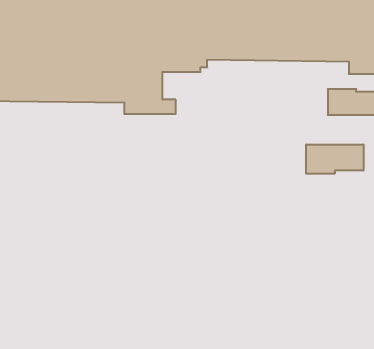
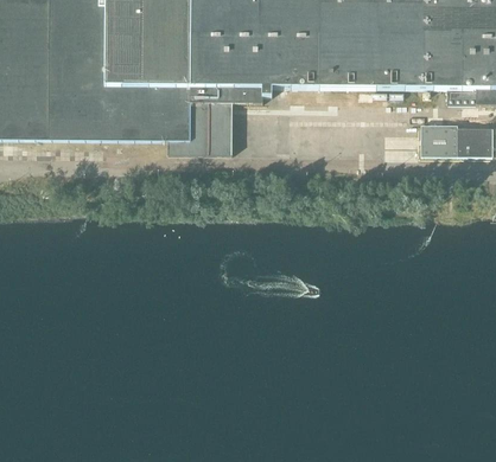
building: [306,144,363,174] -> none

